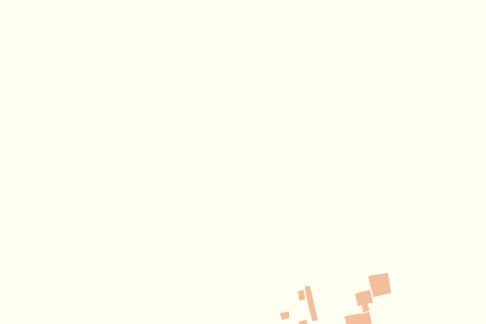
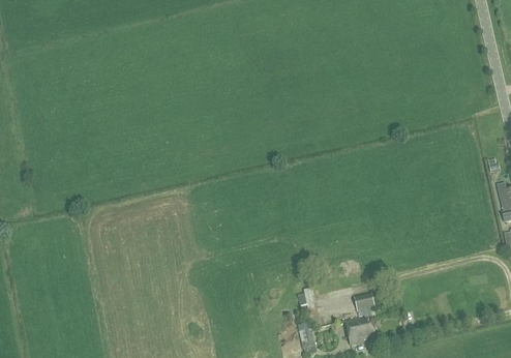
building: [367,272,392,298] -> none

